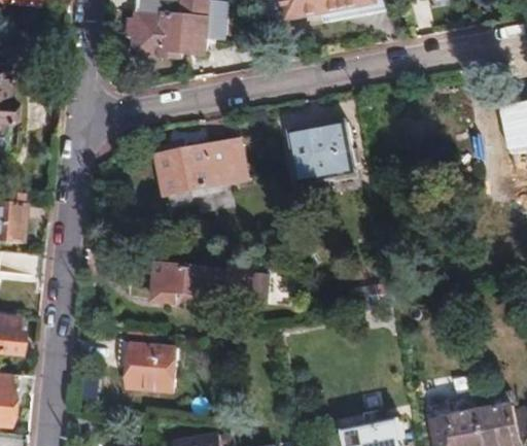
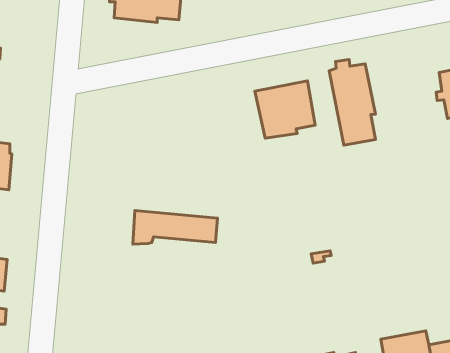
building: none -> [329,59,375,145]
building: [160,139,249,195] -> none
building: [119,342,177,392] -> none

